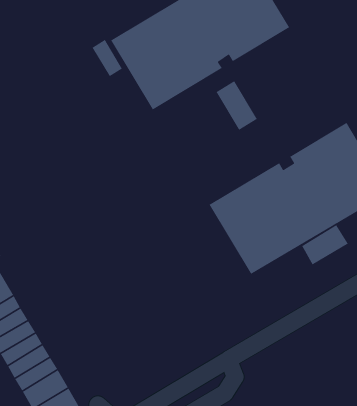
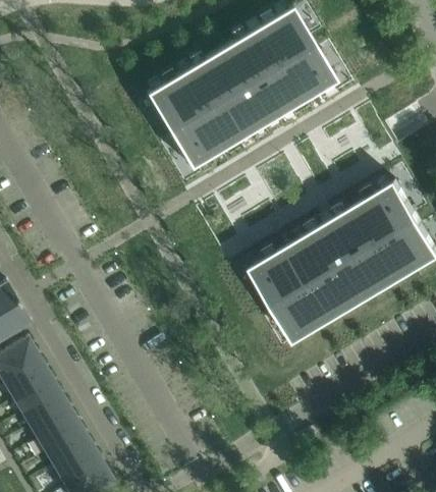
building: [92,39,123,77] -> none
building: [216,80,258,131] -> none
building: [301,224,349,266] -> none

